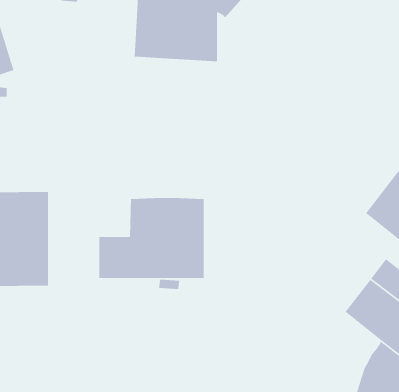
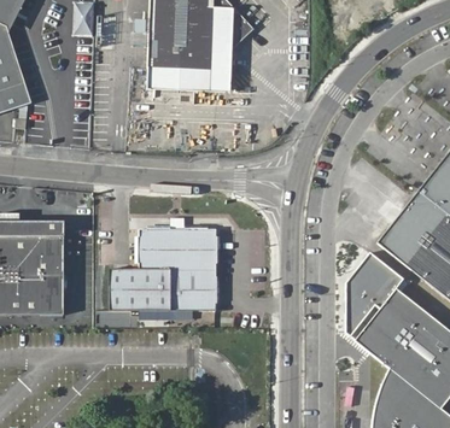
building: none -> [350,252,404,339]

